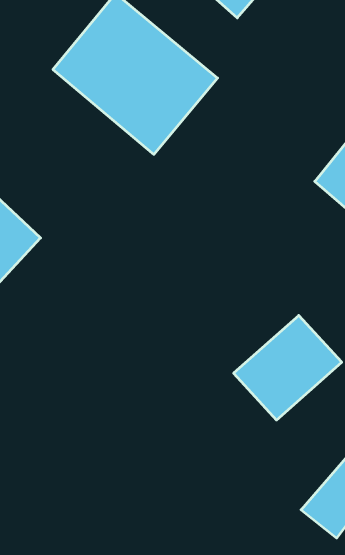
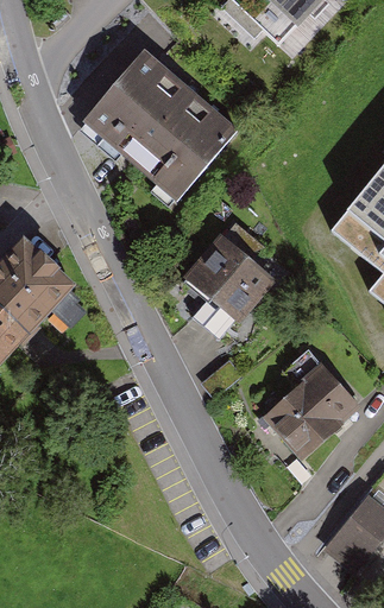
building: none -> [181,218,285,322]

